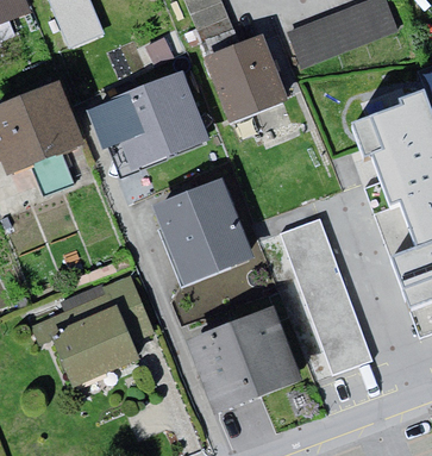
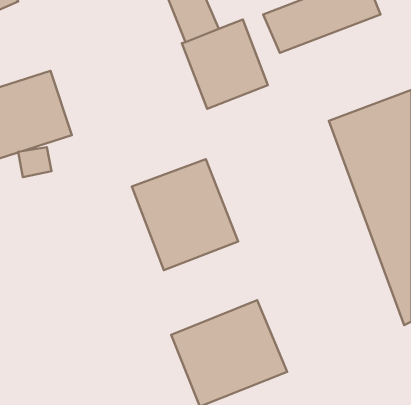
building: [102,69,206,167] -> none
building: [273,208,375,375] -> none
building: [50,306,140,389] -> none

